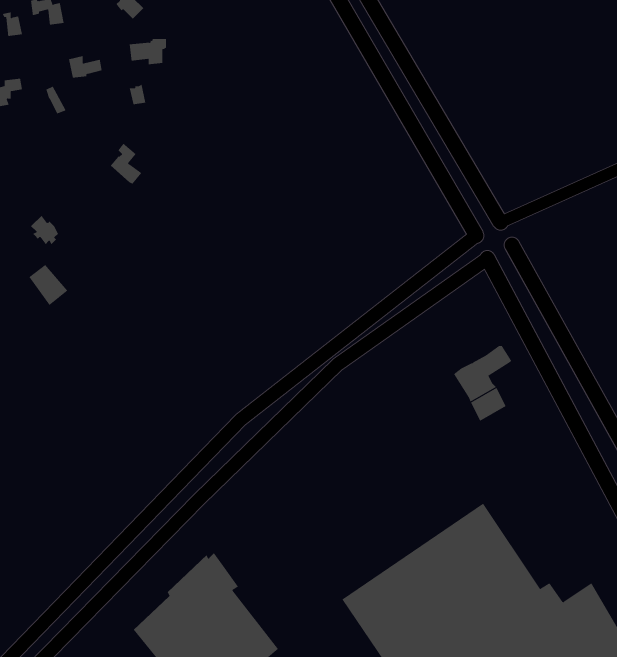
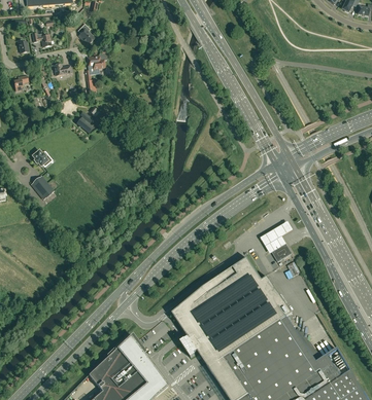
building: none -> [172,258,293,359]

